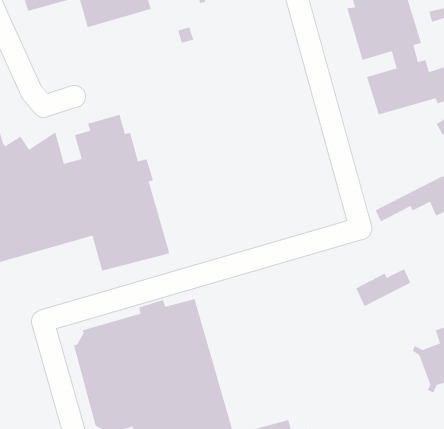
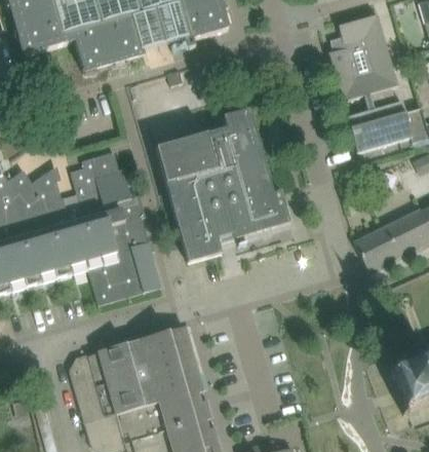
building: none -> [156,110,290,263]
building: [356,269,411,307] -> [359,235,412,271]

